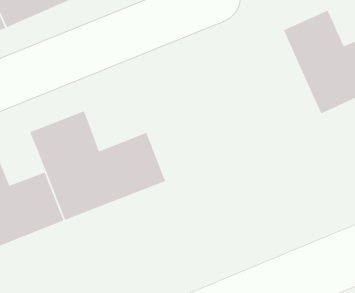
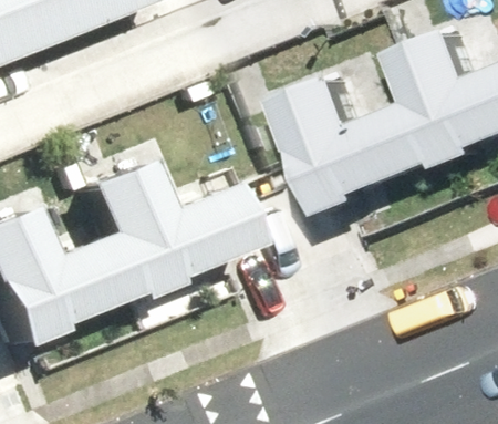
building: none -> [282,72,447,213]

